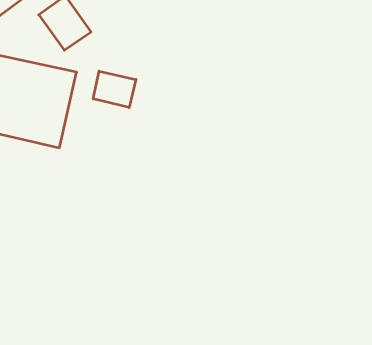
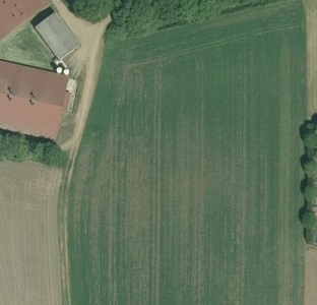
building: [93,71,136,108] -> none

